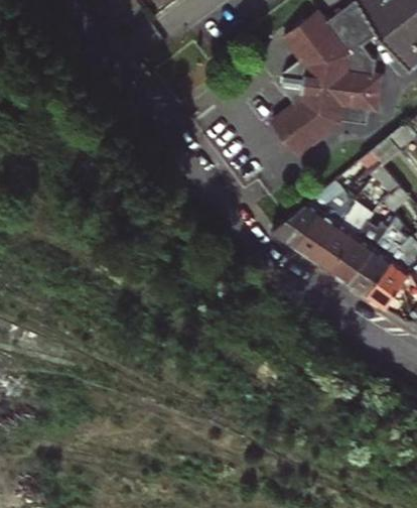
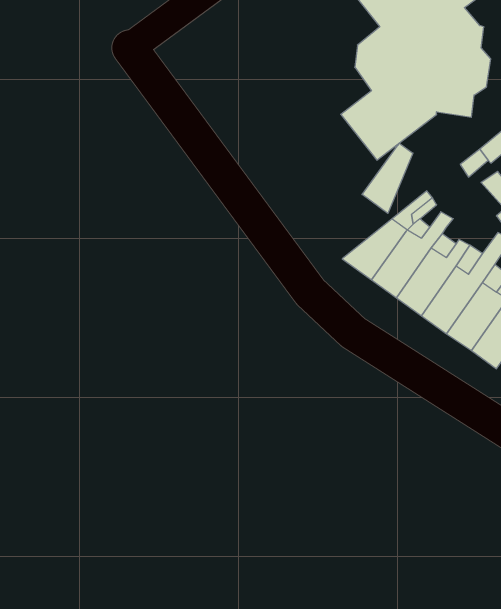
building: none -> [362,143,413,213]

